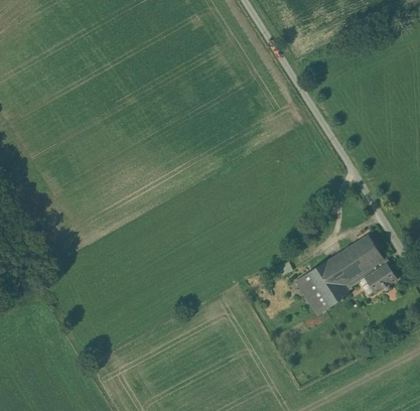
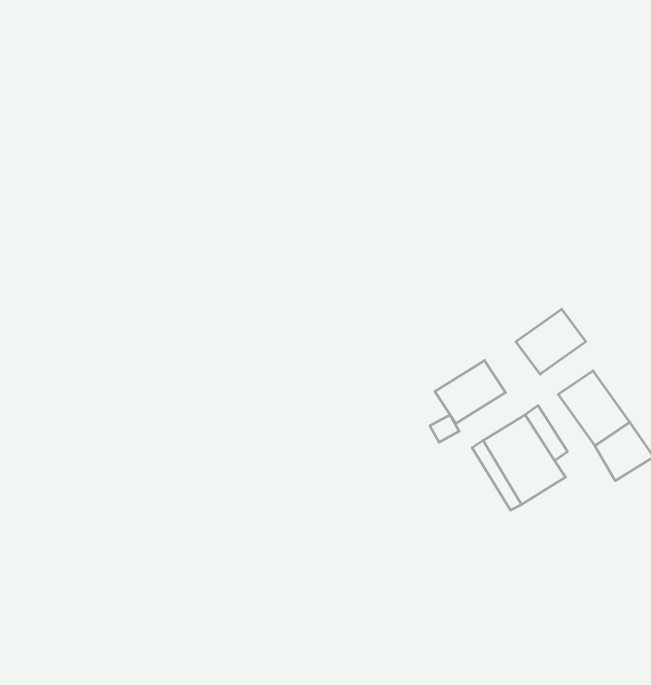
building: none -> [516,309,586,374]
building: none -> [435,360,506,424]

